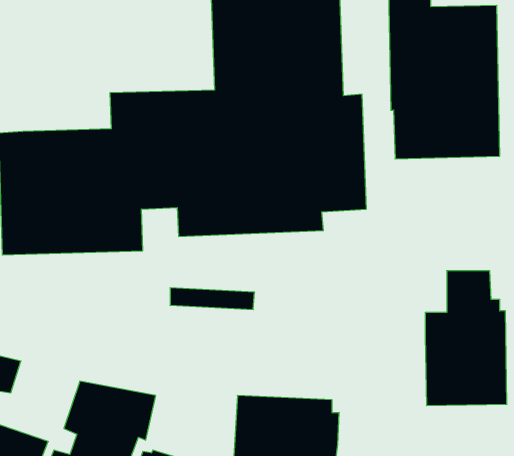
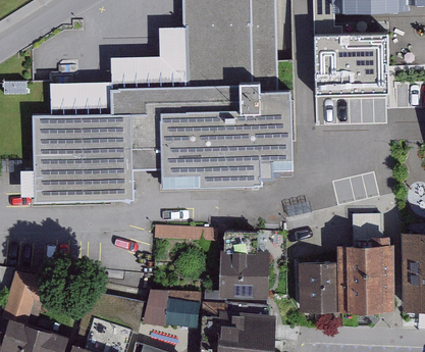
building: none -> [50,28,187,116]
building: none -> [218,232,270,300]
building: none -> [298,262,337,312]
building: none -> [143,290,201,329]

